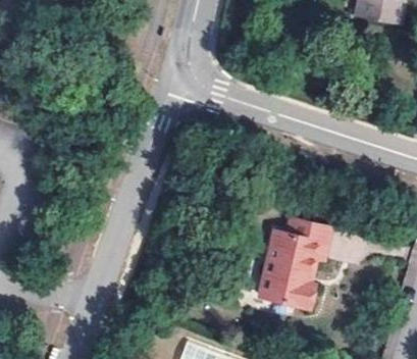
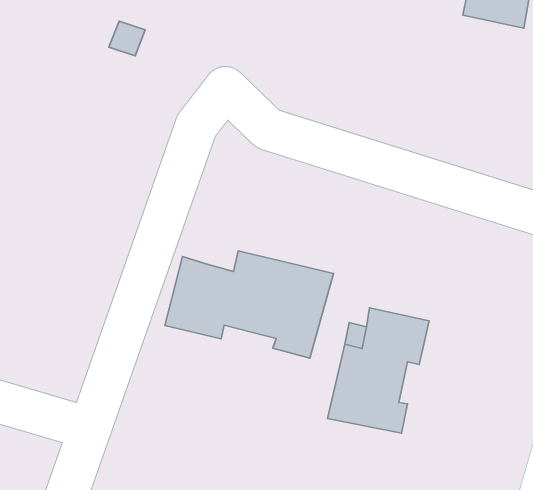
building: none -> [165,251,334,358]

